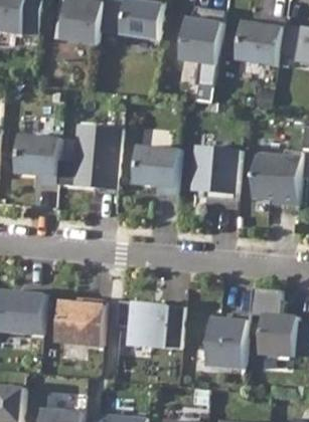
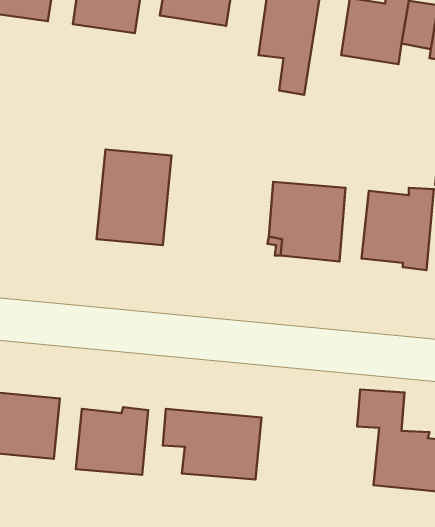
building: [15,134,59,184] -> none
building: [133,145,179,194] -> none
building: [206,310,248,369] -> none

